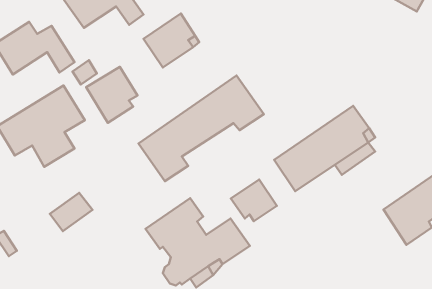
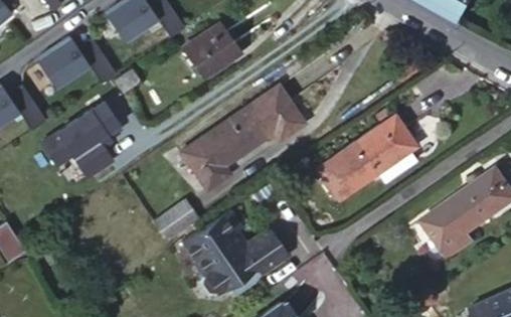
building: [86,67,137,123] -> none
building: [231,179,277,221] -> none
building: [50,193,92,231] -> [154,201,196,240]

